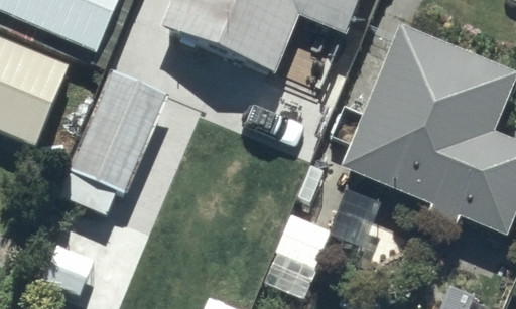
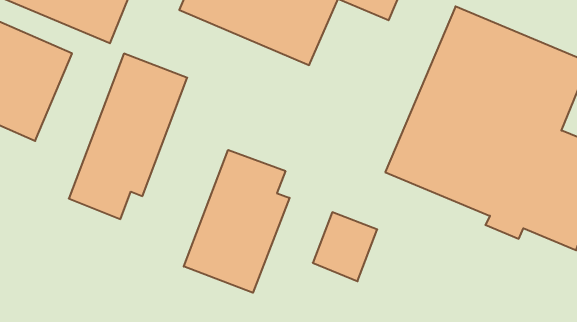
building: none -> [184,150,290,293]

